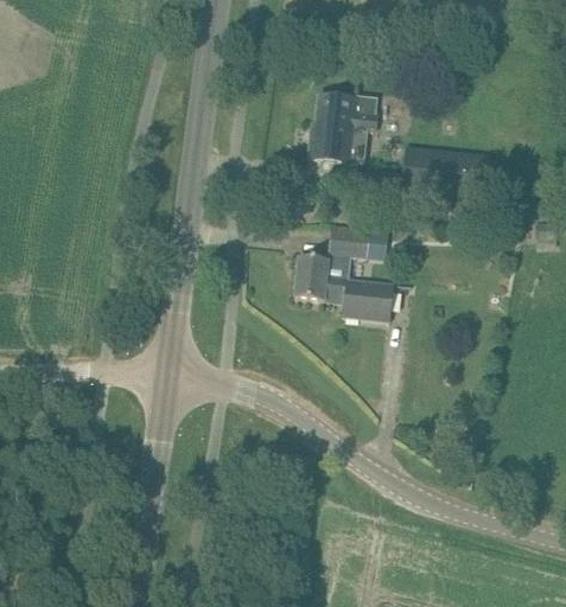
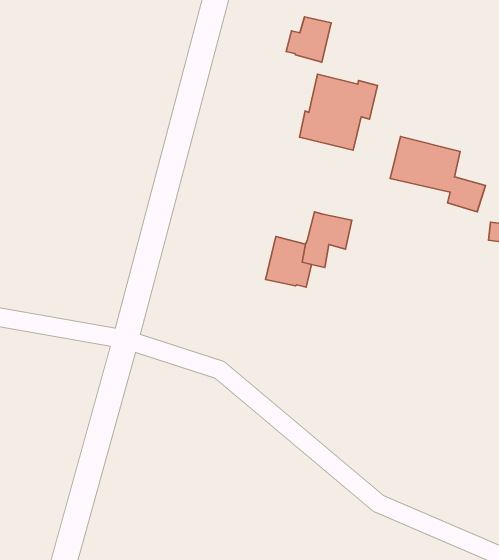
building: none -> [286,17,331,62]
building: [335,277,394,319] -> none

